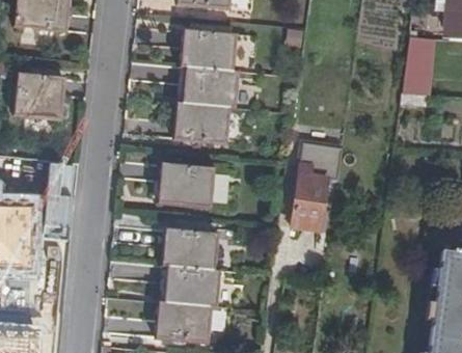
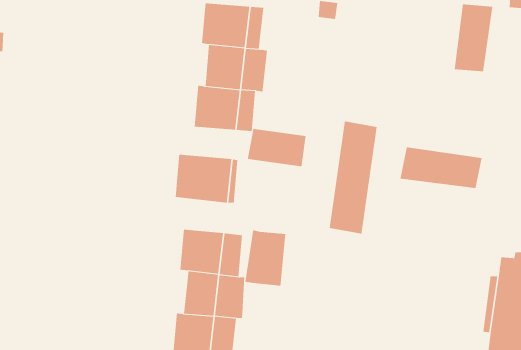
building: [15,73,63,117] -> none
building: none -> [247,128,306,167]
building: none -> [400,146,482,189]
building: none -> [245,230,286,286]

